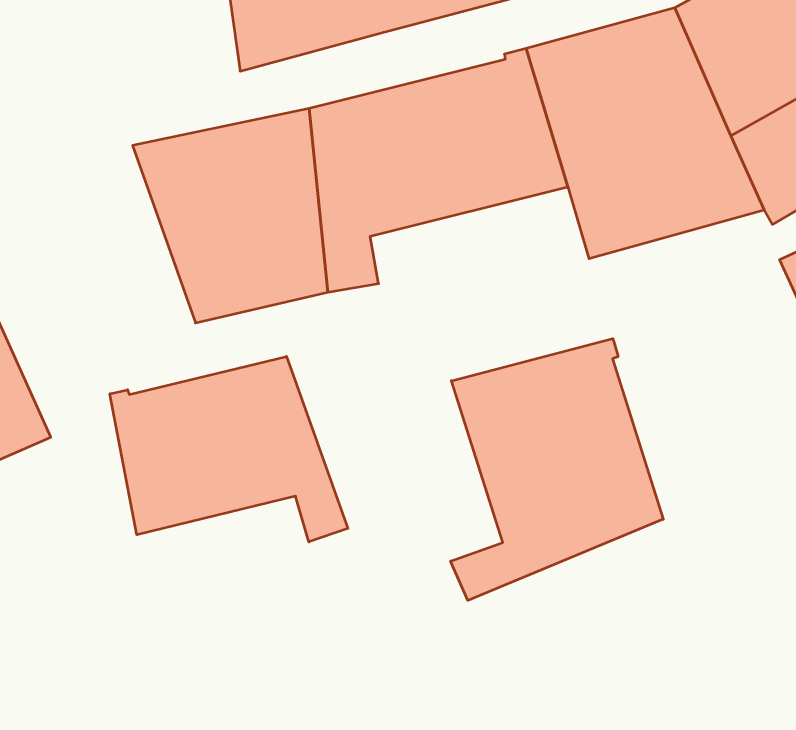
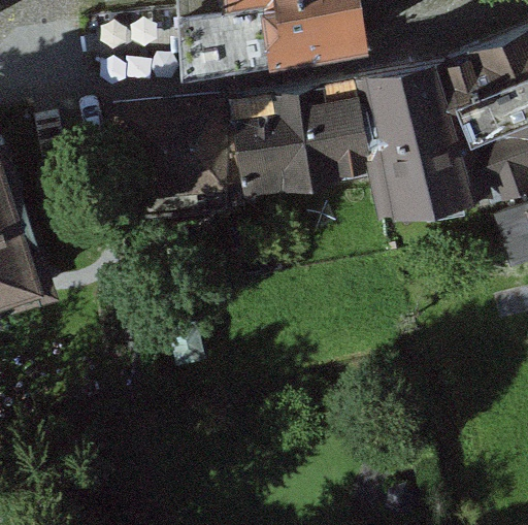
building: [451,339,663,600] -> none
building: [110,356,348,542] -> none

